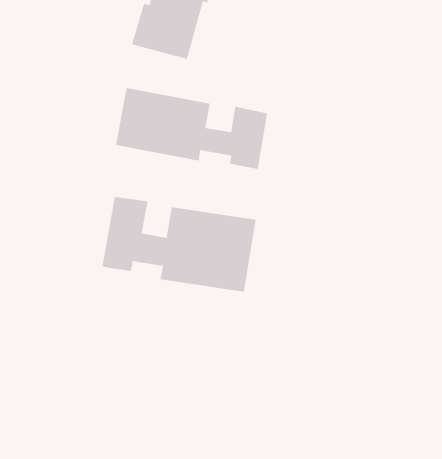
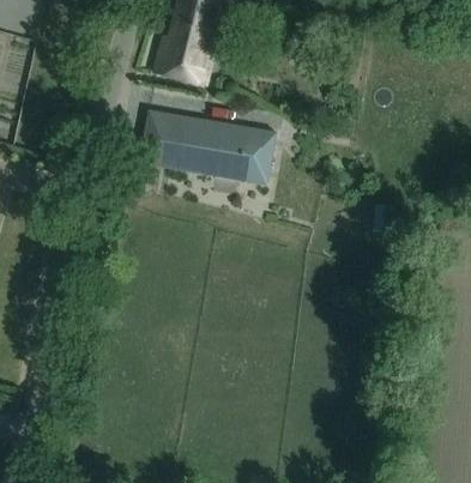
building: [102,196,256,293] -> none

